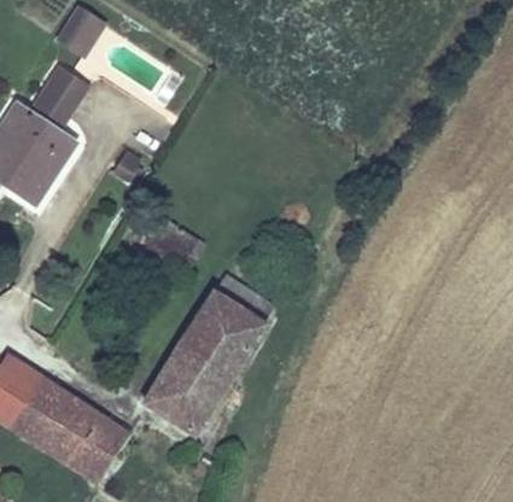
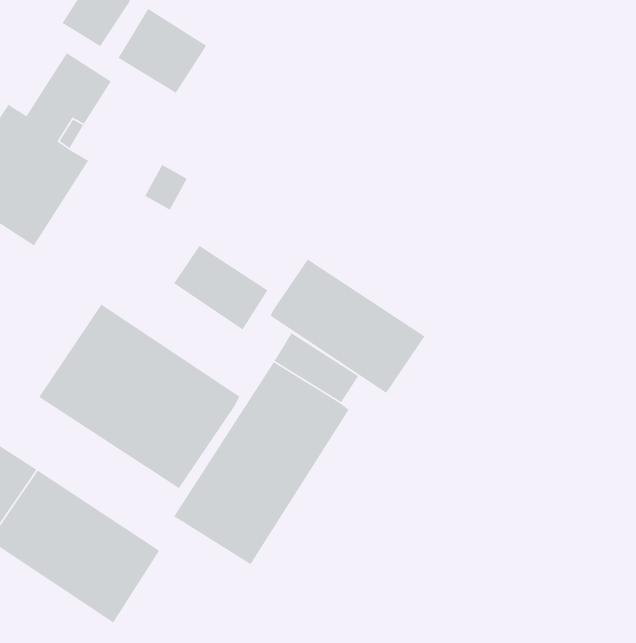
building: none -> [118,8,207,94]
building: none -> [269,259,426,394]
building: none -> [38,304,241,489]

